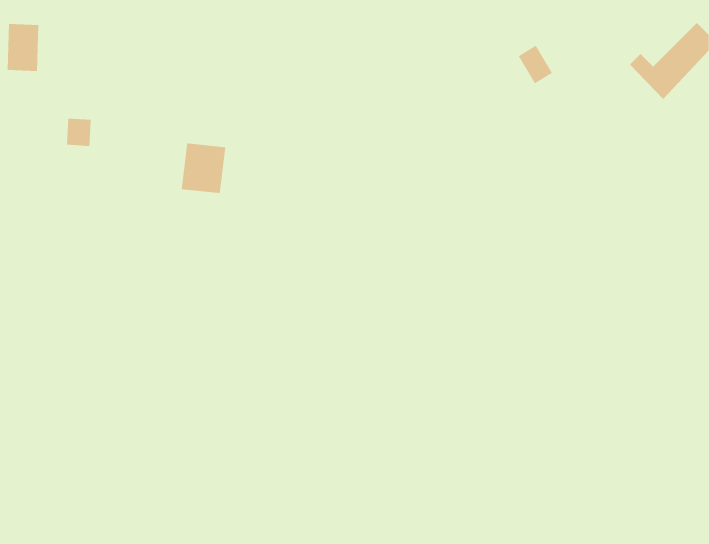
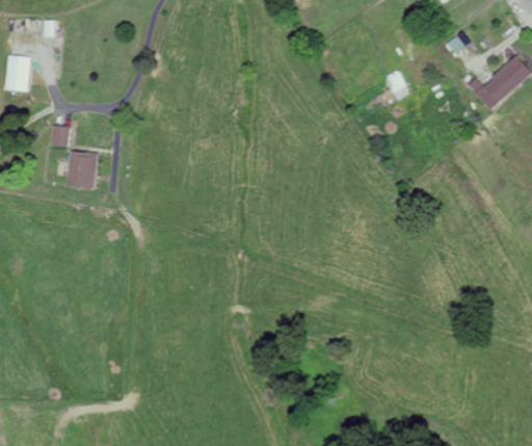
building: [181,143,226,194] -> [68,150,101,187]

